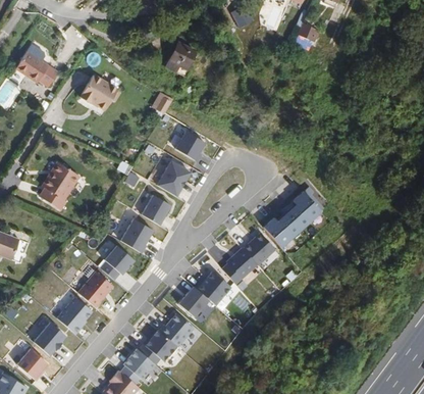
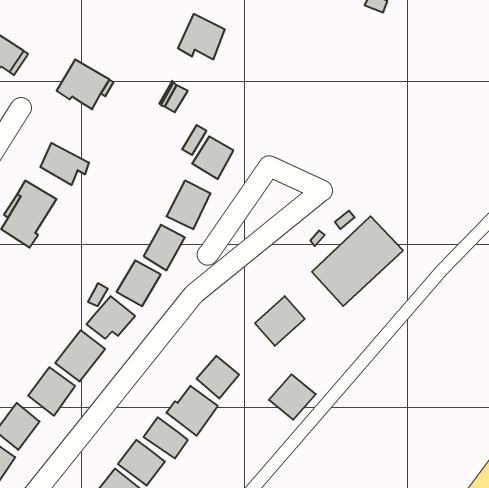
building: none -> [40,143,89,185]
building: [242,230,273,261] -> none
building: [197,269,230,302] -> [269,374,316,420]

